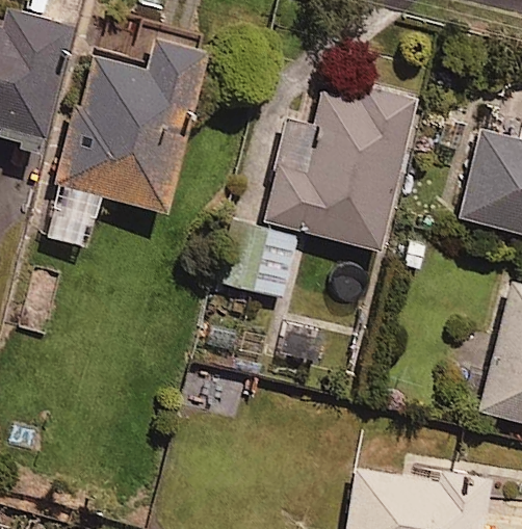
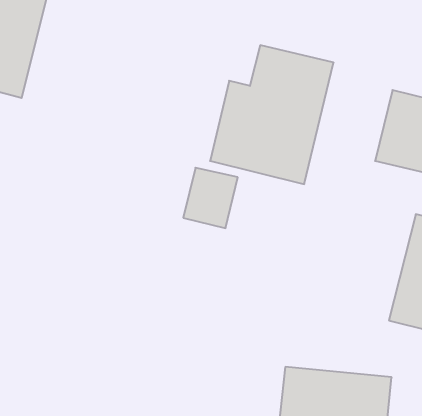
building: [41,33,205,248] -> none

